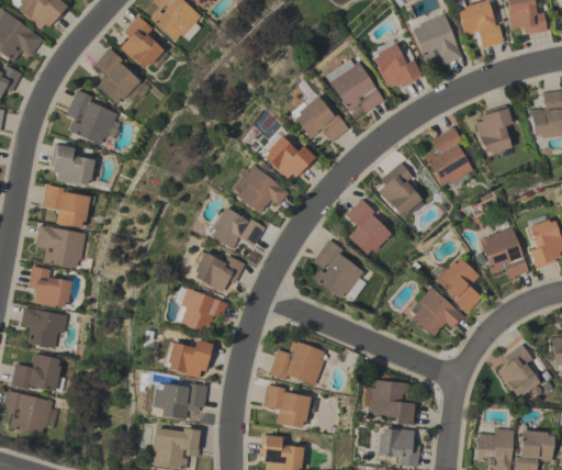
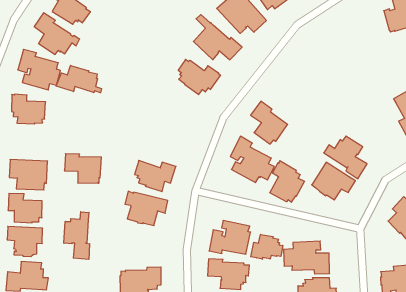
building: [474,108,513,154] -> none
building: none -> [56,65,101,93]
building: [425,126,473,189] -> none
building: [379,161,424,217] -> none
building: [229,165,289,213] -> none
building: [43,184,91,227] -> [64,154,101,183]
building: [205,206,266,249] -> none
building: [480,227,529,279] -> none
building: none -> [270,161,305,202]
building: none -> [64,212,90,259]
building: [168,339,216,378] -> none
building: none -> [251,234,283,259]

